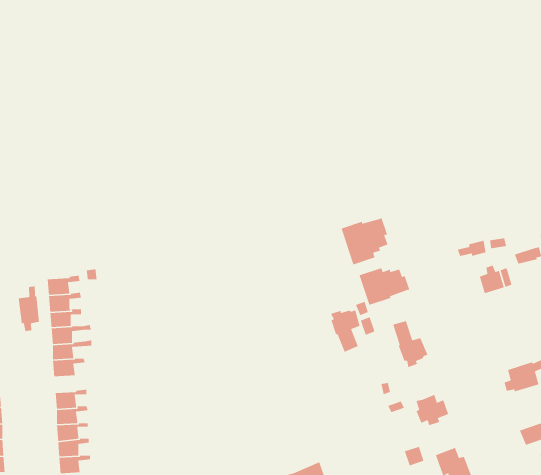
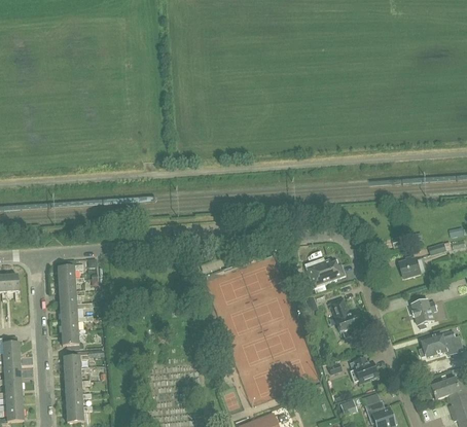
building: [340,216,388,266] -> none
building: [18,285,40,332] -> none
building: [330,309,361,353] -> none
building: none -> [411,297,437,328]

